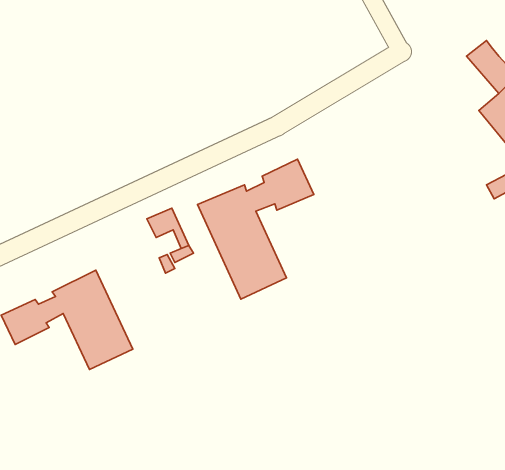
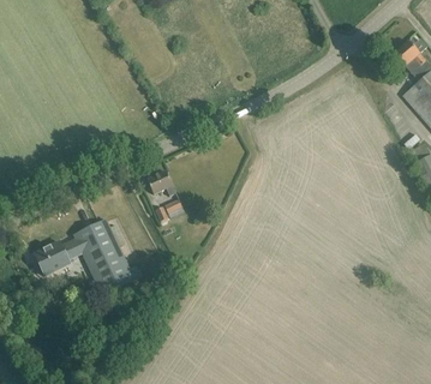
building: [198,159,314,299] -> none

